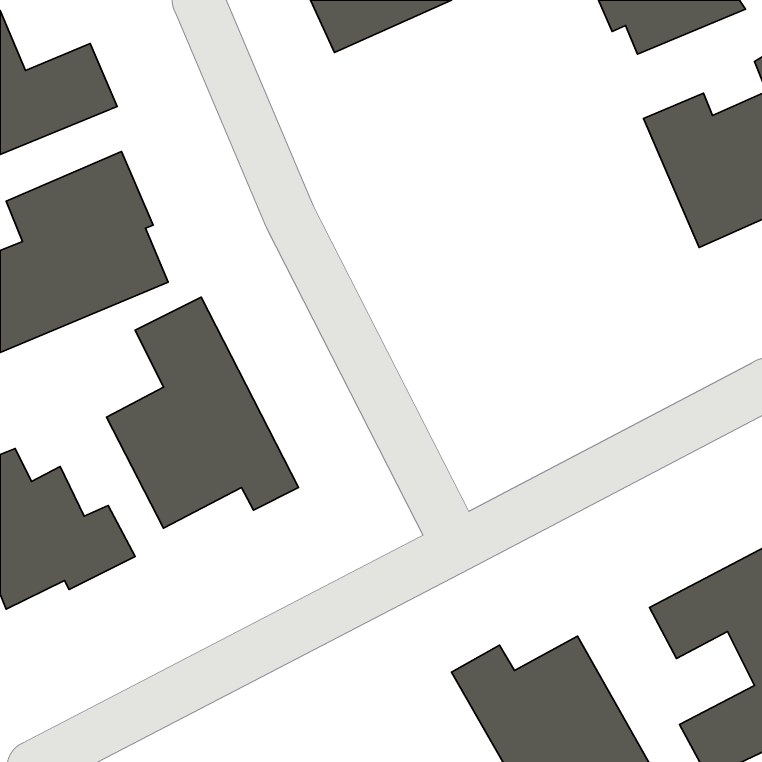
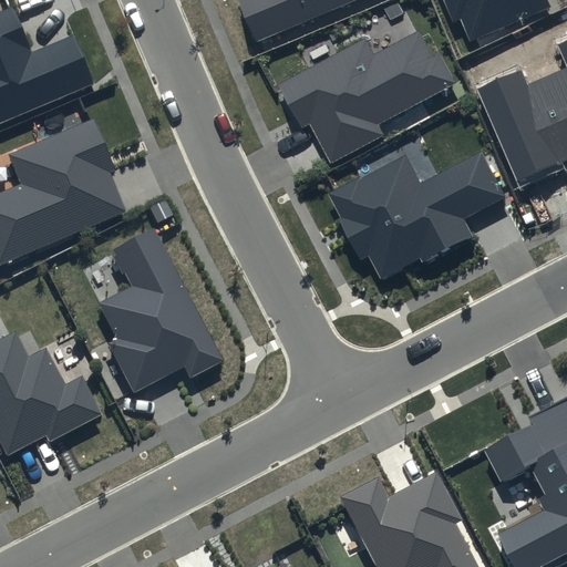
building: none -> [275,27,446,158]
building: none -> [326,150,502,286]

